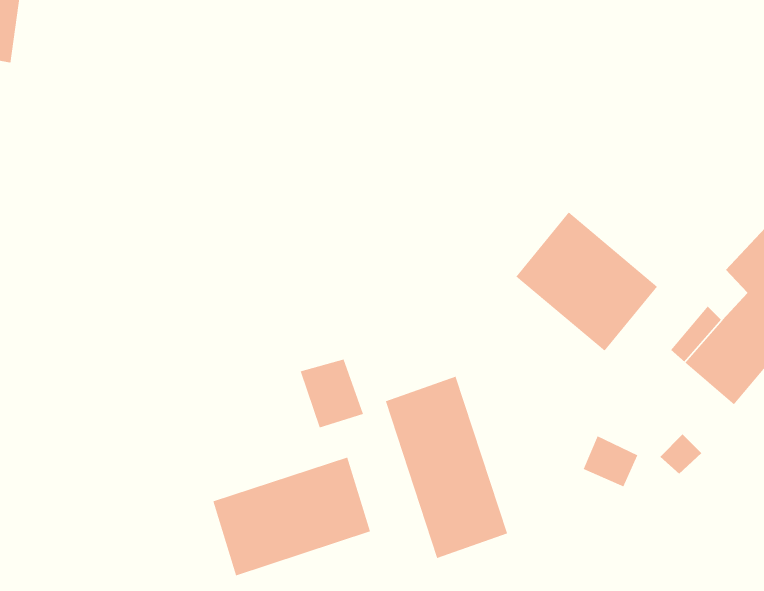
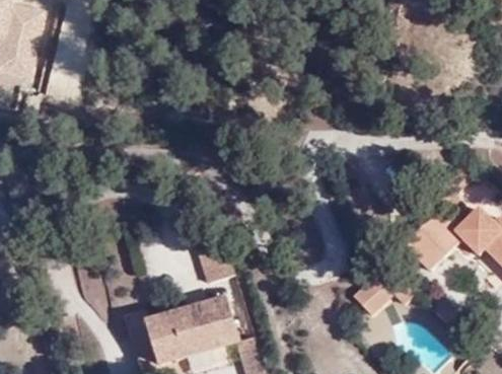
building: [516,212,658,351] -> none
building: [385,376,508,559] -> none

